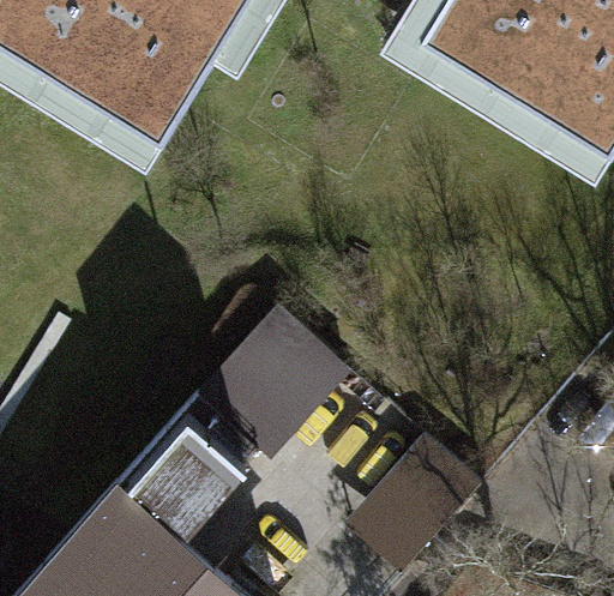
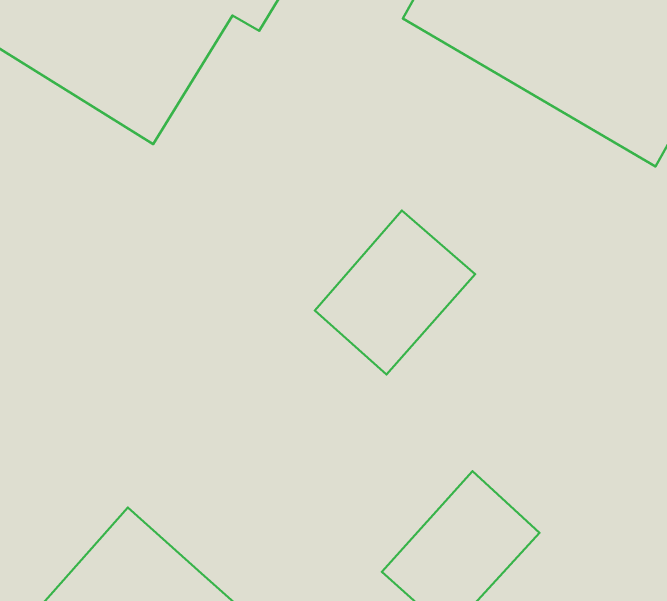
building: none -> [315,210,475,374]
building: [133,295,360,520] -> none

